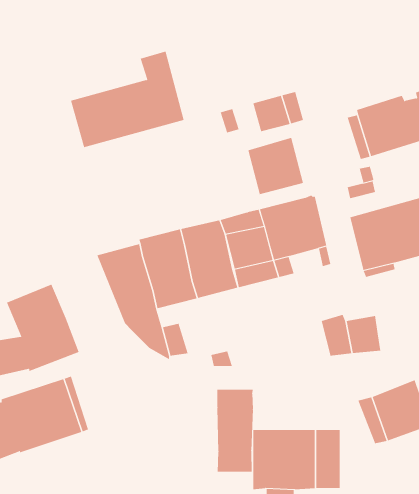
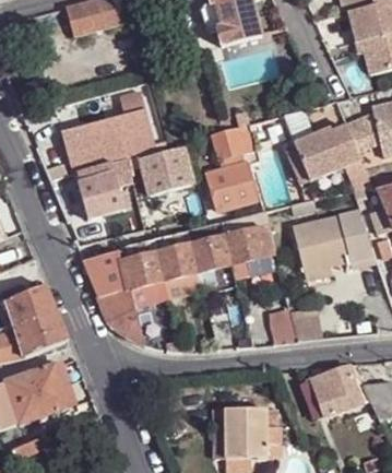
building: none -> [140,146,192,194]
building: none -> [73,161,124,217]
building: [217,389,253,473] -> none

